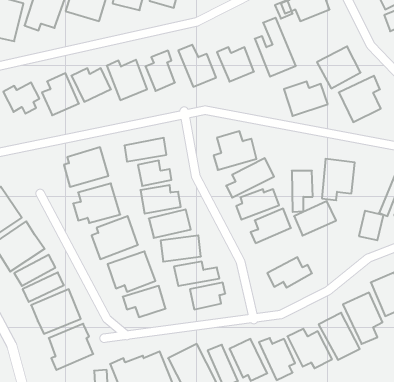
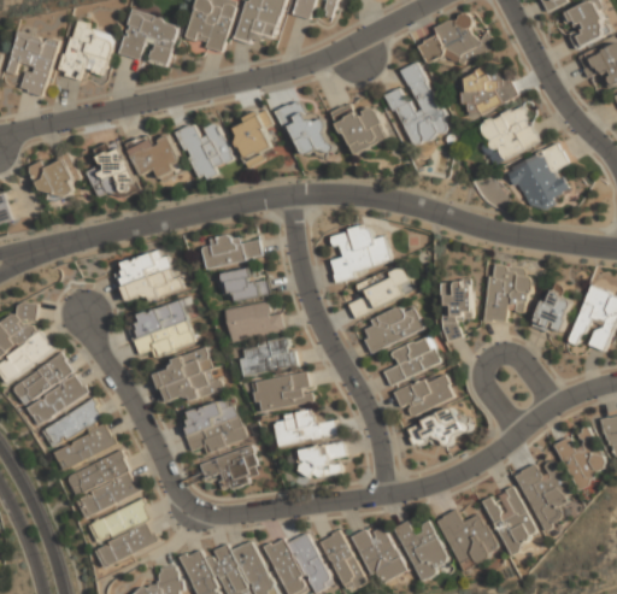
building: [284,81,328,116] -> [453,67,516,117]
building: [294,201,336,236] -> [394,370,454,419]
building: [359,211,383,240] -> [535,290,570,333]

